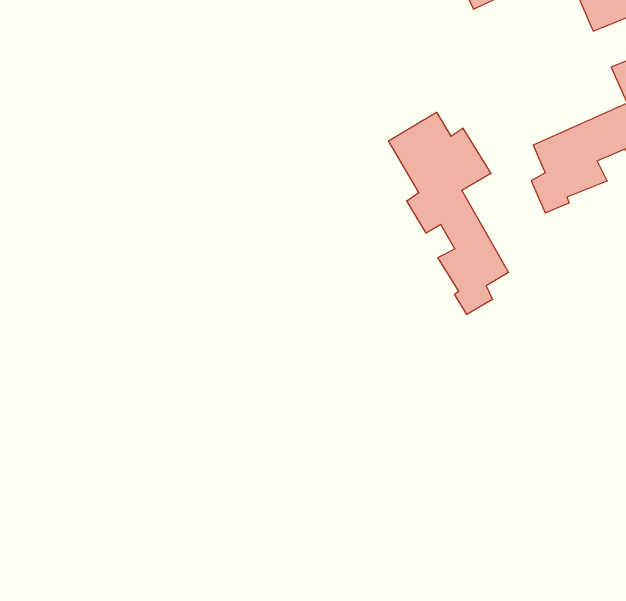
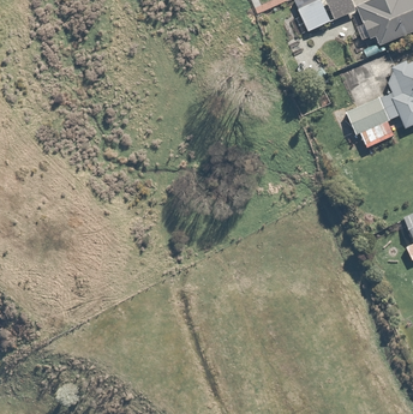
building: [389,112,509,315] -> none

